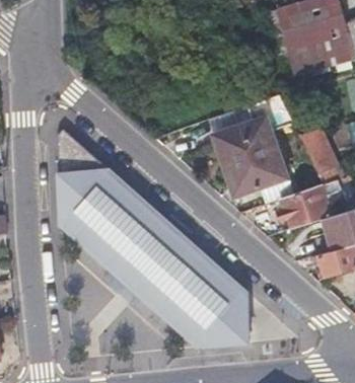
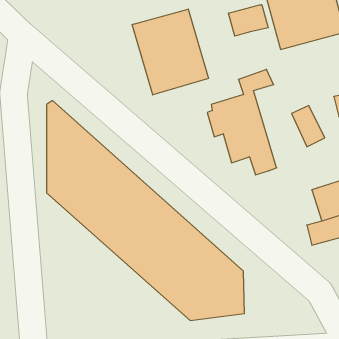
building: none -> [228,5,268,36]
building: none -> [132,9,208,95]
building: [276,184,329,227] -> none

